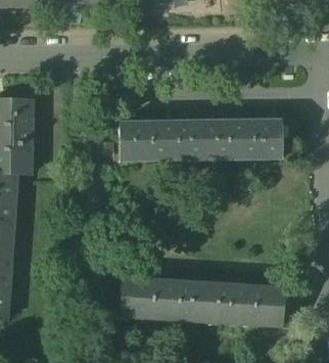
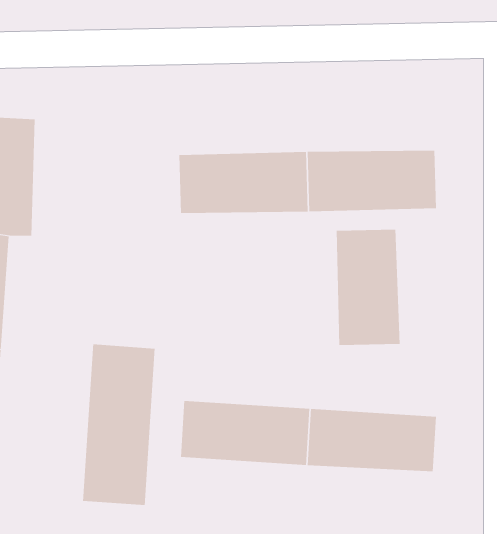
building: none -> [336,229,400,346]
building: none -> [83,344,155,506]

